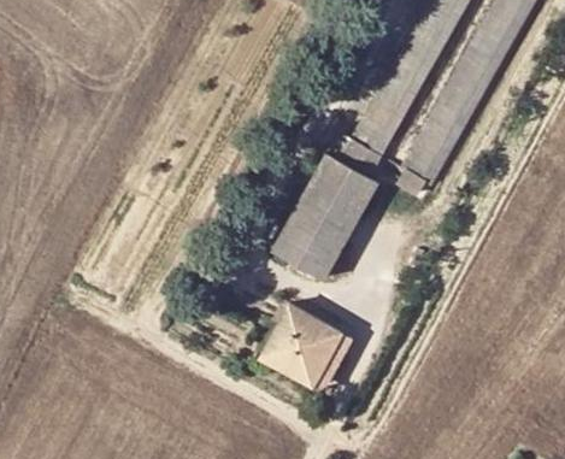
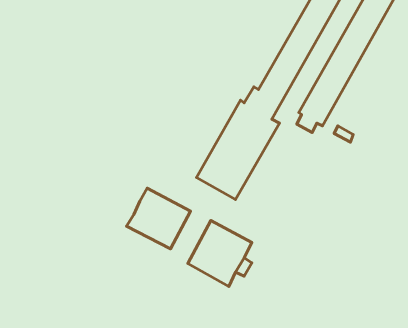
building: none -> [127,188,191,249]

